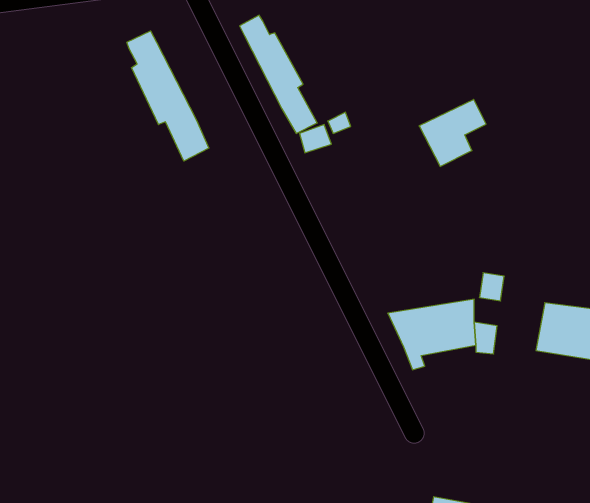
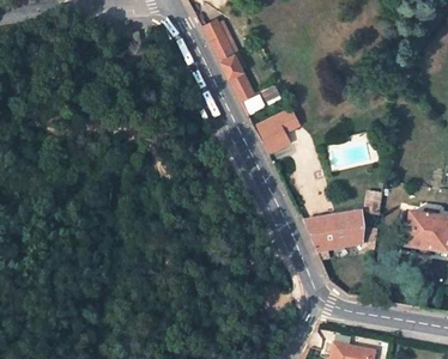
building: [127,31,209,161] -> none
building: [419,99,486,166] -> [254,108,299,153]

